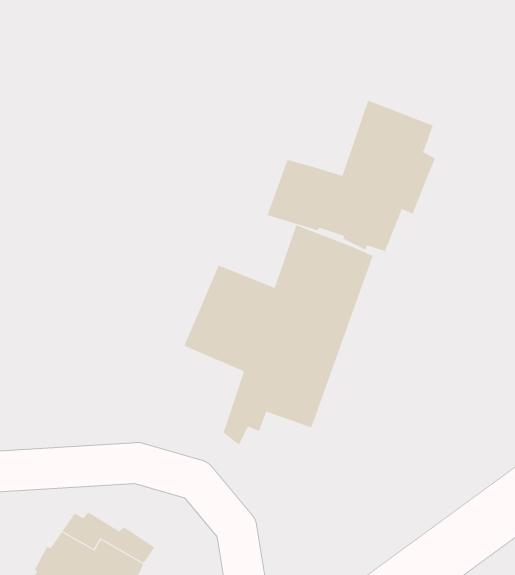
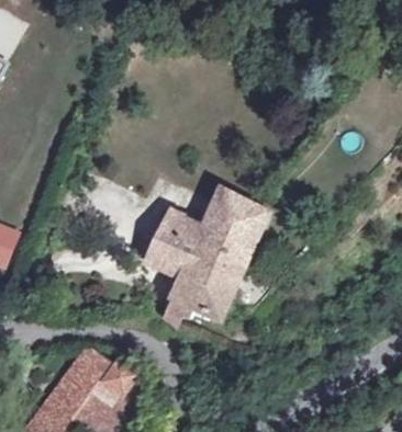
building: [267,100,435,252] -> none

